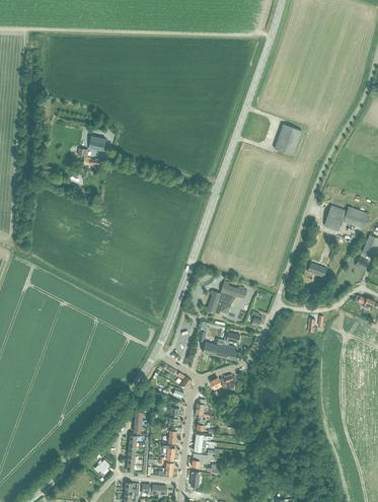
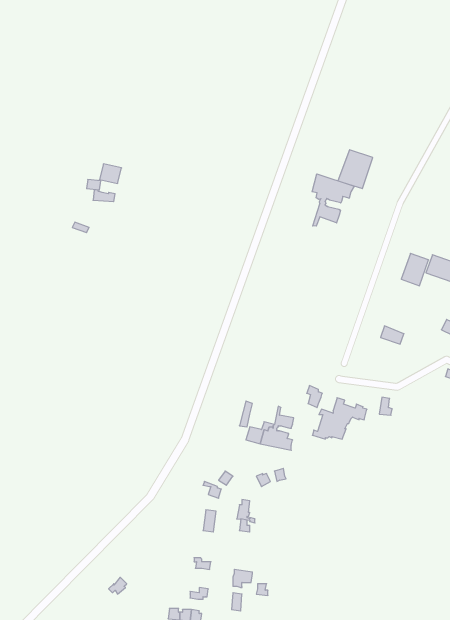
building: none -> [312,174,354,226]
building: [205,281,247,313] -> [312,398,367,439]

